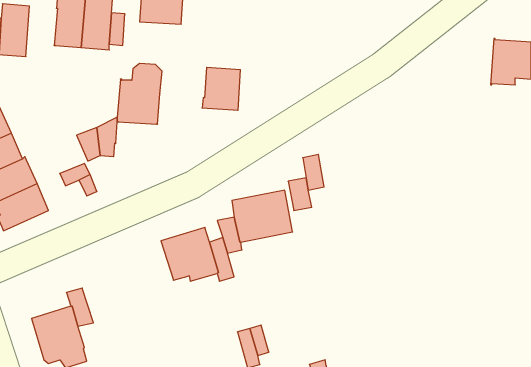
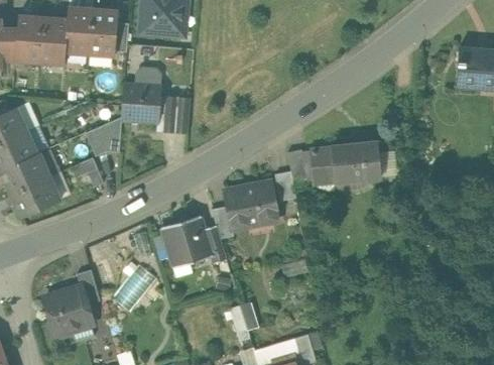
building: none -> [39,17,68,65]
building: [202,67,240,110] -> [155,96,190,134]
building: none -> [311,143,380,184]
building: none -> [113,263,154,311]

